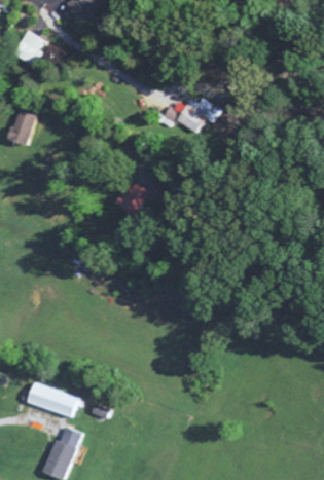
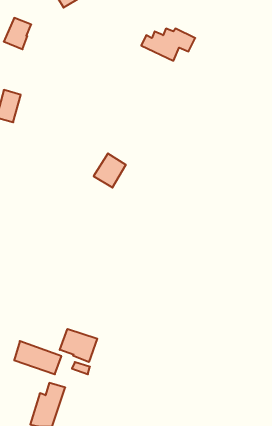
building: [164,99,222,134] -> [141,29,195,61]
building: none -> [60,329,97,362]

